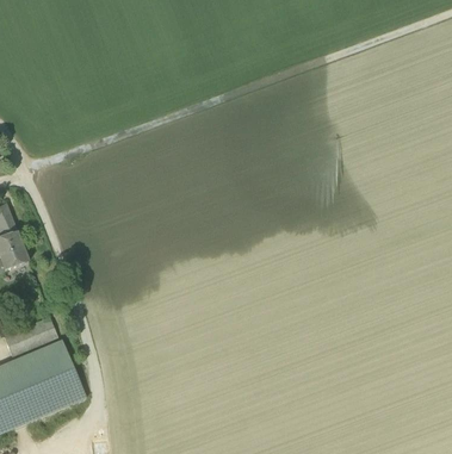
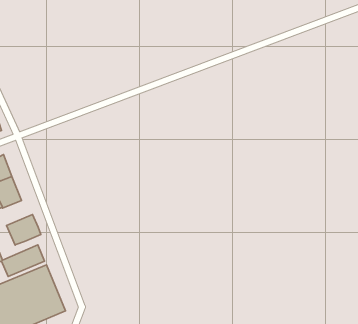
building: none -> [7,215,41,245]

